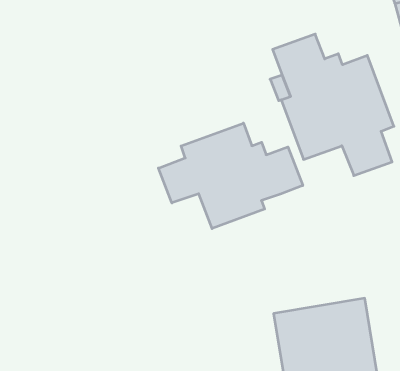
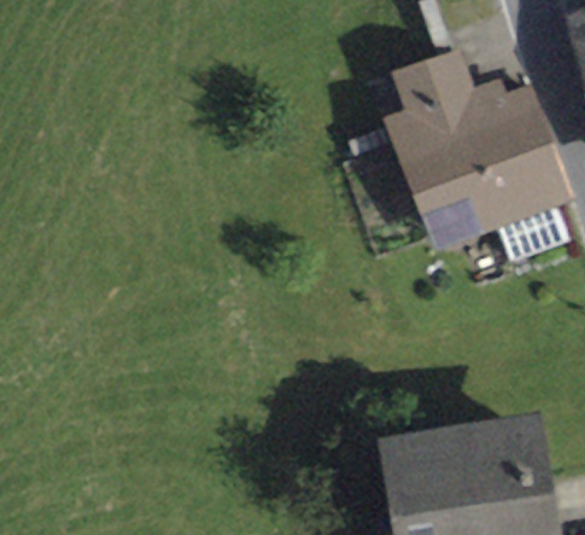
building: [158,123,303,229] -> none

